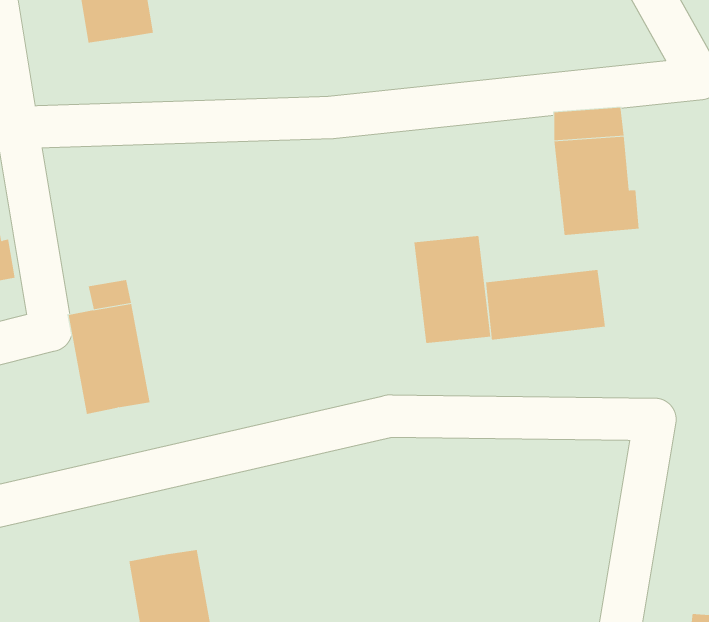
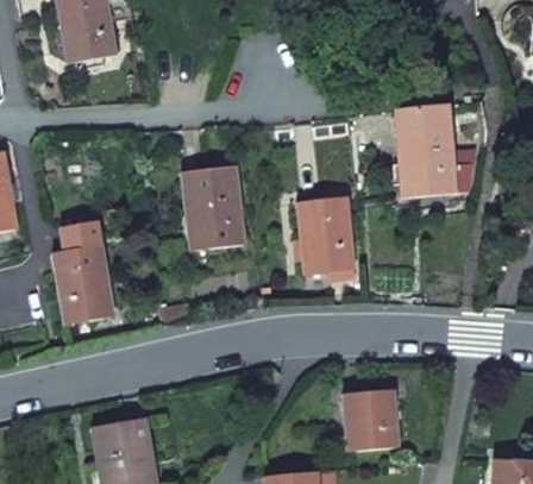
building: none -> [181,166,244,250]
building: [486,269,605,340] -> none
building: none -> [343,389,396,451]

